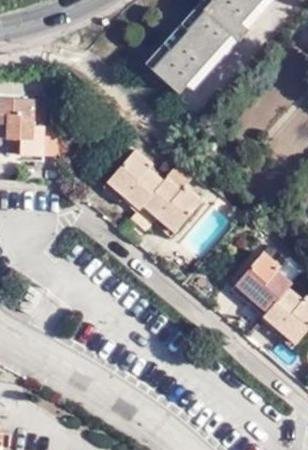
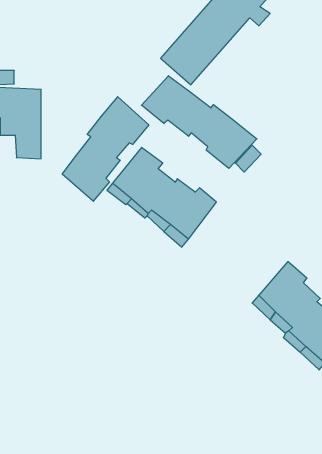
building: none -> [141,76,257,168]
building: none -> [62,97,149,201]

